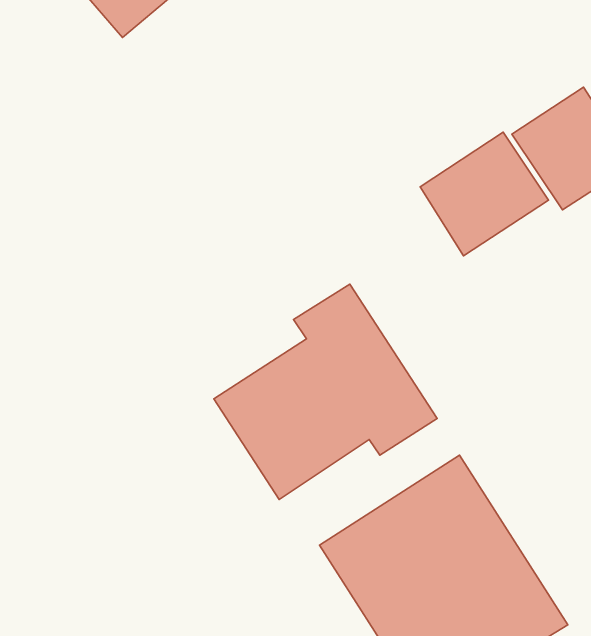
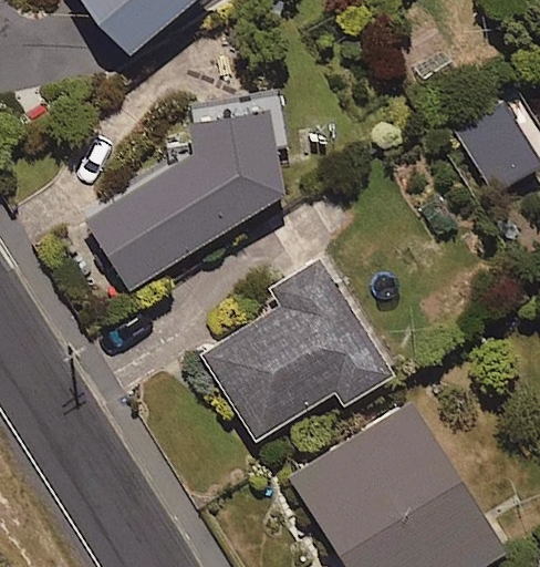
building: none -> [85,95,290,290]
building: [420,132,549,256] -> none

